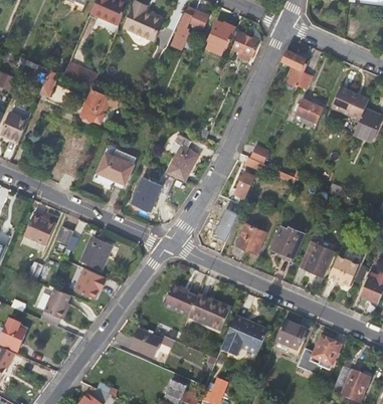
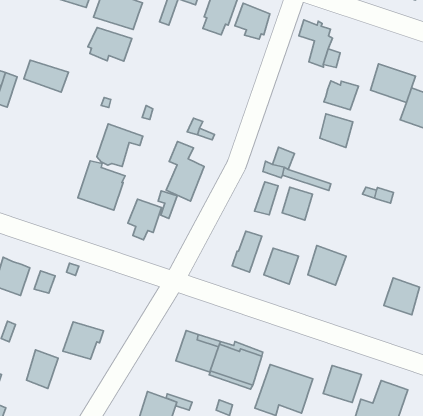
building: none -> [88,27,132,61]
building: [81,88,119,123] -> [97,124,143,166]
building: none -> [320,114,353,147]
building: none -> [282,187,312,220]
building: [81,236,113,270] -> none
building: [300,240,334,276] -> none

